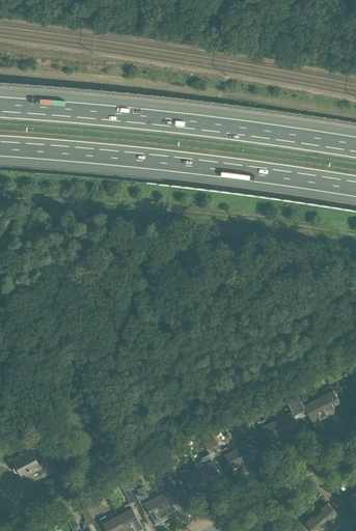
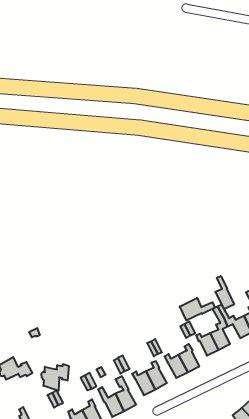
building: none -> [215,276,234,309]
building: none -> [180,298,215,320]
building: none -> [41,364,69,391]

